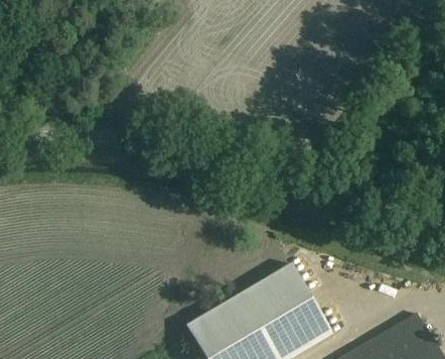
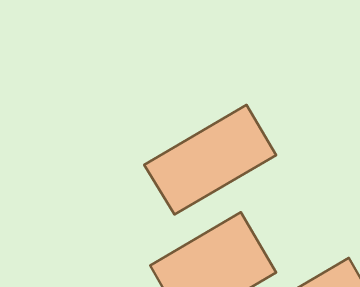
building: none -> [144,105,276,214]

